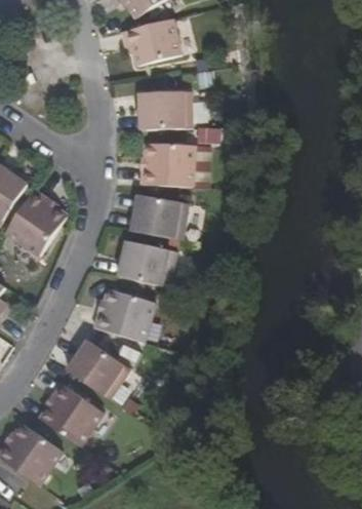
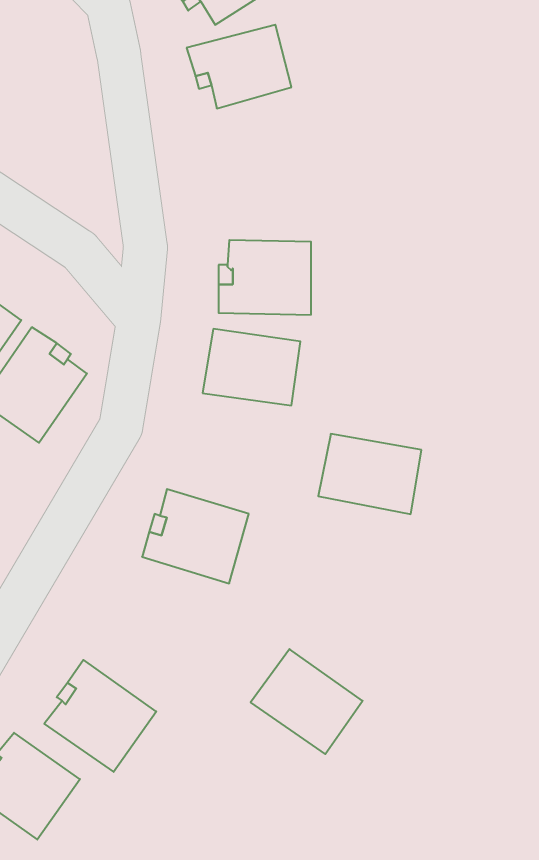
building: [138,90,192,128] -> none
building: [116,239,175,285] -> [318,434,421,514]
building: [67,339,131,399] -> [251,649,363,754]

